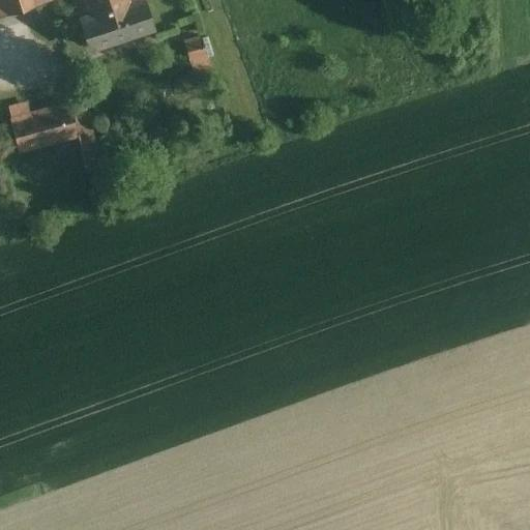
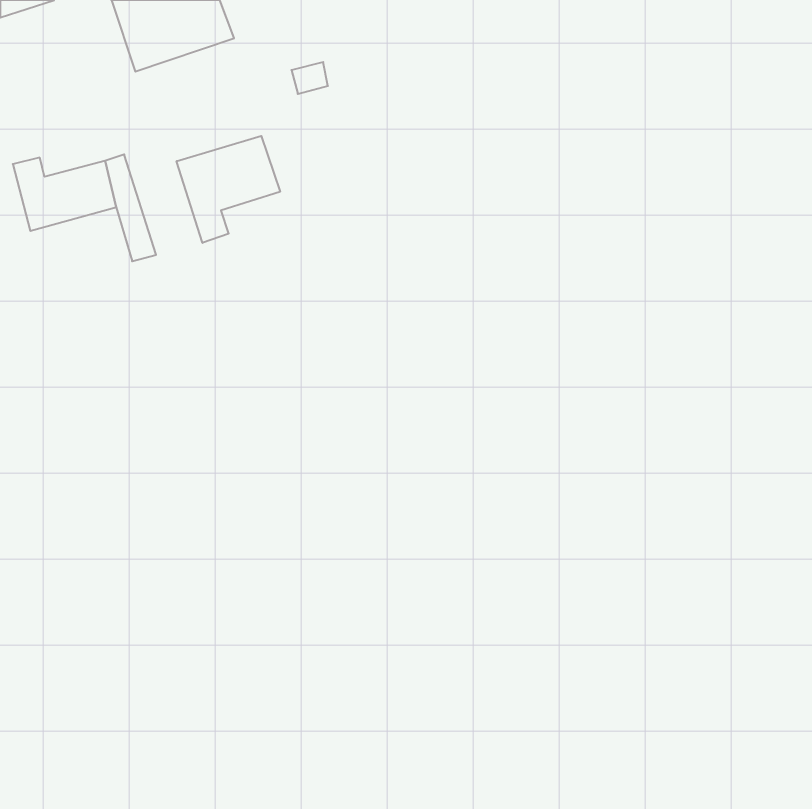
building: none -> [177,136,280,243]

